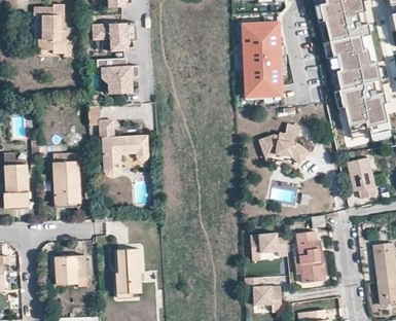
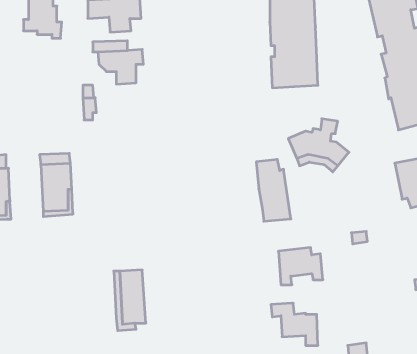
building: [100,120,148,176] -> none
building: [297,231,326,283] -> [256,159,291,221]
building: [56,255,86,286] -> none

